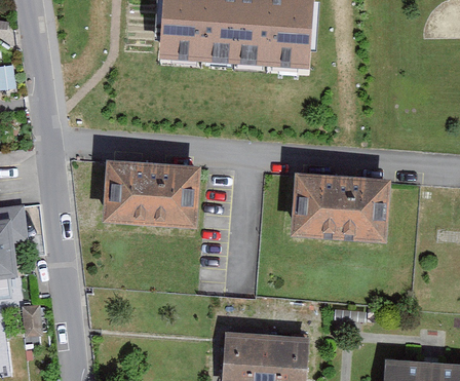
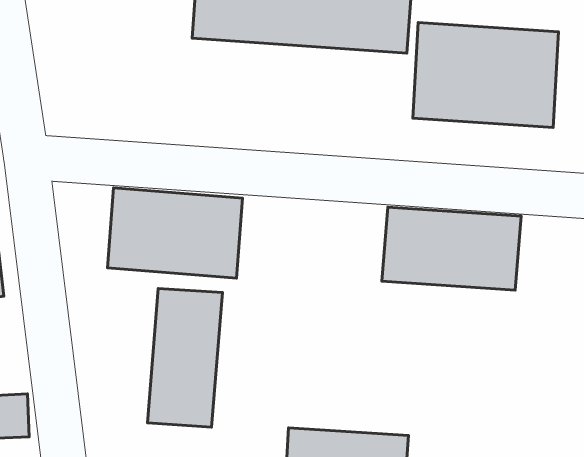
building: none -> [413,22,558,128]
building: none -> [147,288,222,427]

